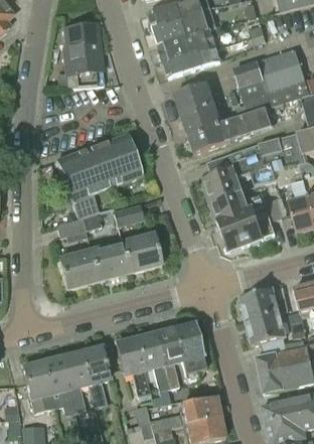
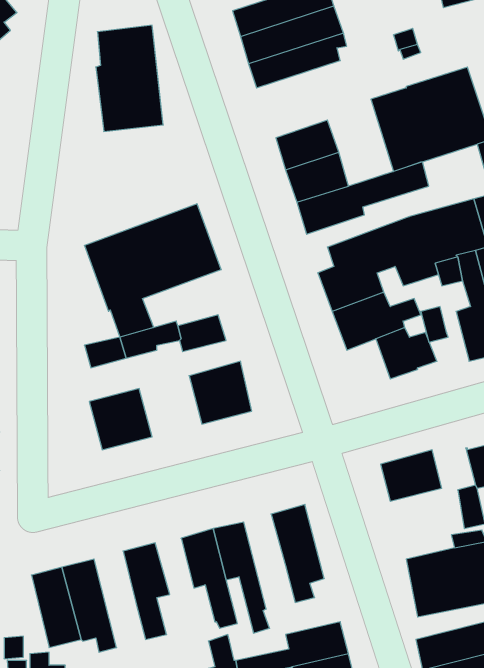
building: [163,44,221,78] -> none
building: [219,218,247,251] -> none
building: [90,242,129,280] -> none
building: [247,312,286,344] -> none
building: [155,328,181,388] -> none
building: [61,351,88,412] -> none

